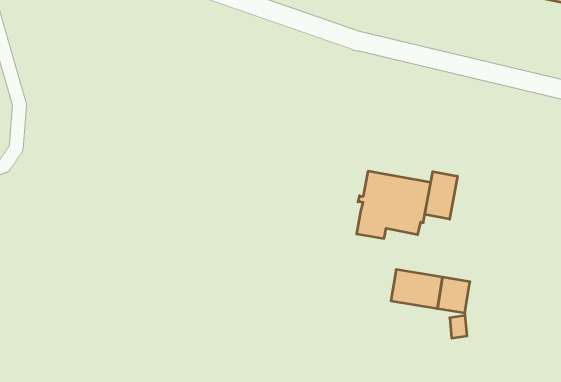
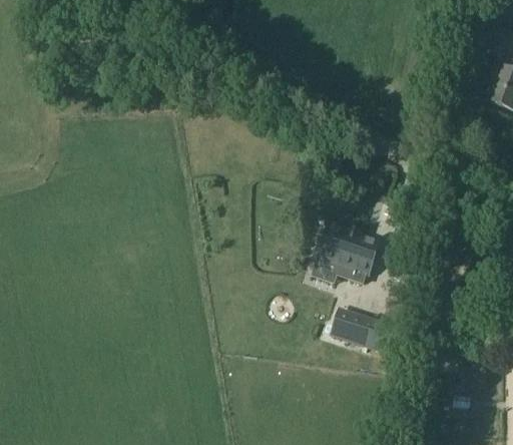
building: [425,172,457,219] -> none

